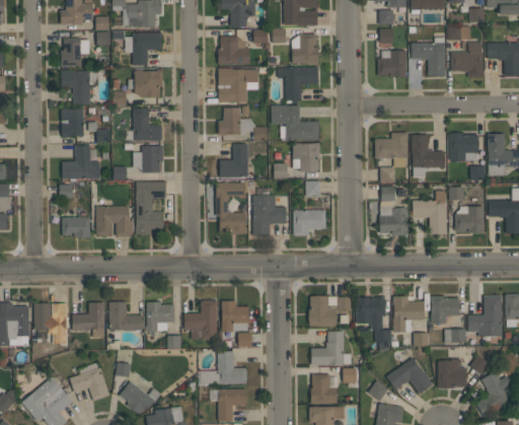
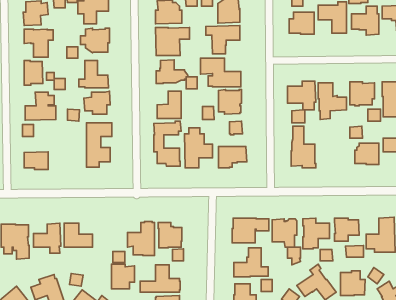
building: [413,191,447,234] -> none
building: [96,206,132,237] -> none
building: [147,302,174,332] -> [112,264,135,289]

